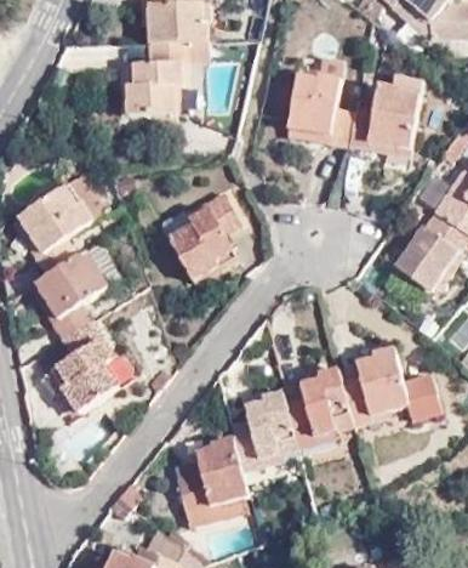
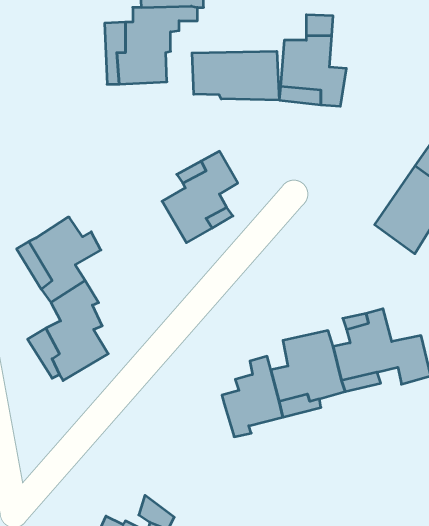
building: [350,89,426,147] -> none
building: none -> [192,51,279,100]
building: [19,174,112,276] -> none
building: [182,441,252,511] -> none

